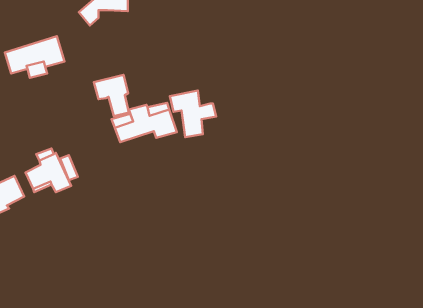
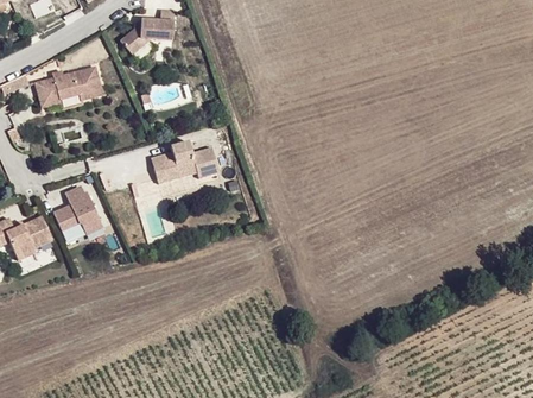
building: [94,75,129,116] -> none
building: [170,91,216,137] -> none

